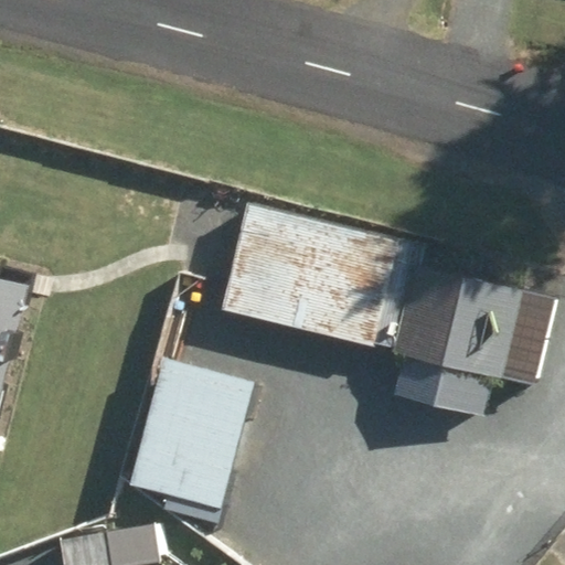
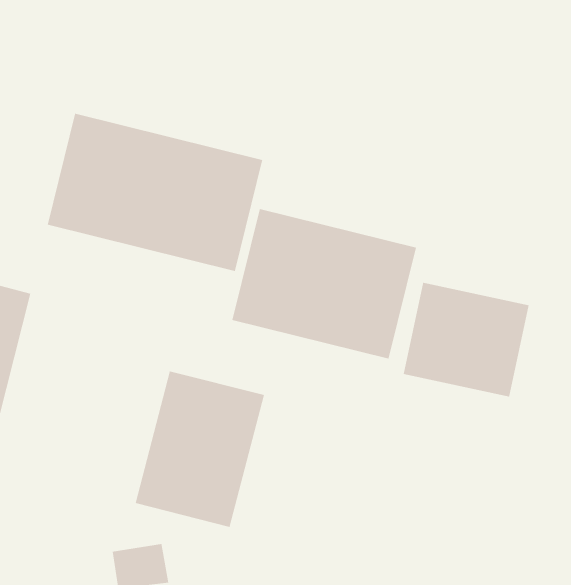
building: none -> [47,113,263,272]

